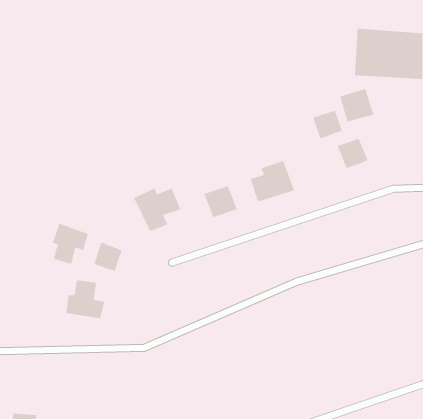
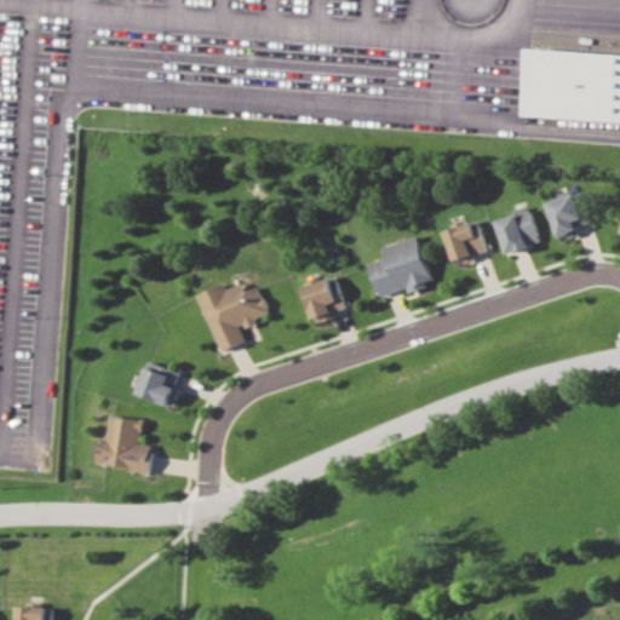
building: [339,88,374,122] -> [545,190,596,240]
building: [312,110,343,139] -> [442,219,487,262]
building: [52,223,89,265] -> none

